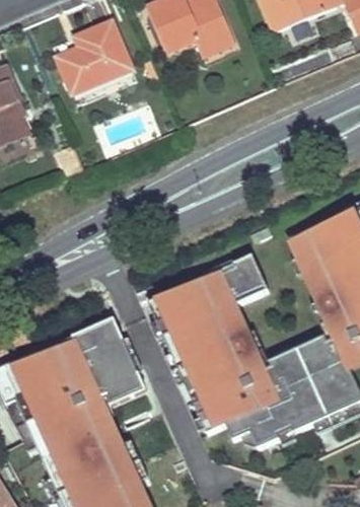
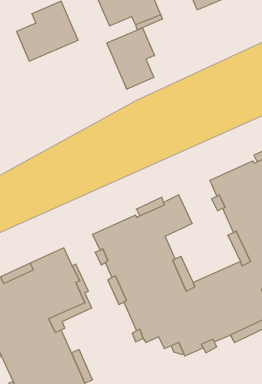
building: none -> [107,28,155,89]

